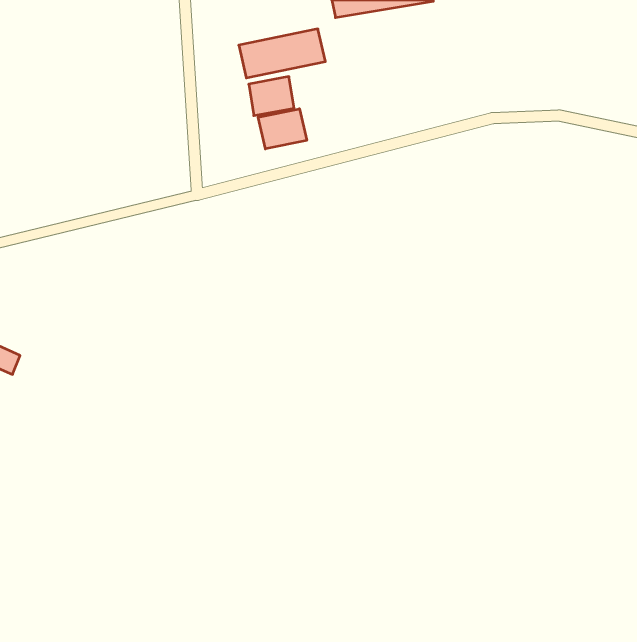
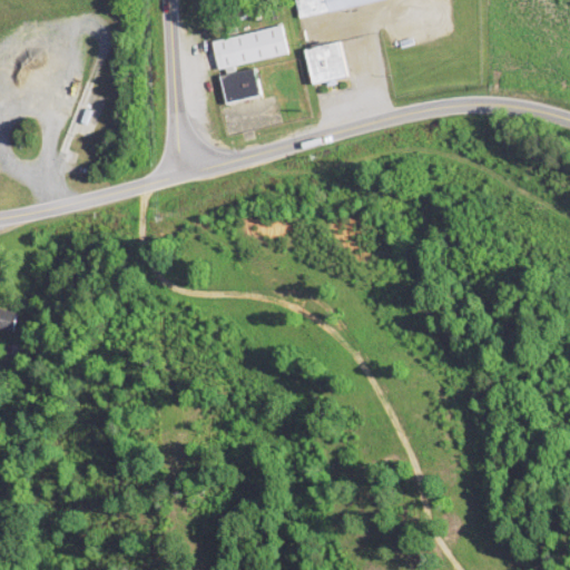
building: none -> [302,40,346,82]
building: [258,109,307,149] -> none

